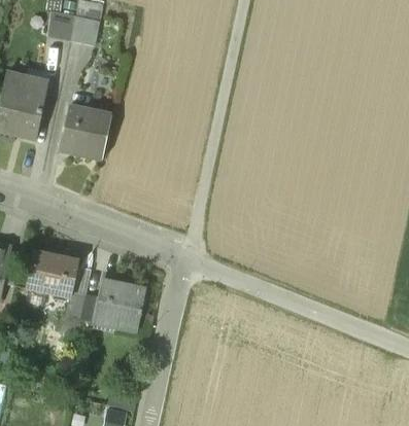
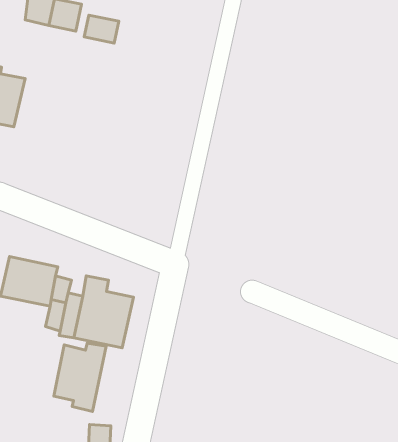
building: none -> [84,15,119,43]
building: [59,106,111,161] -> none
building: none -> [54,343,106,411]

